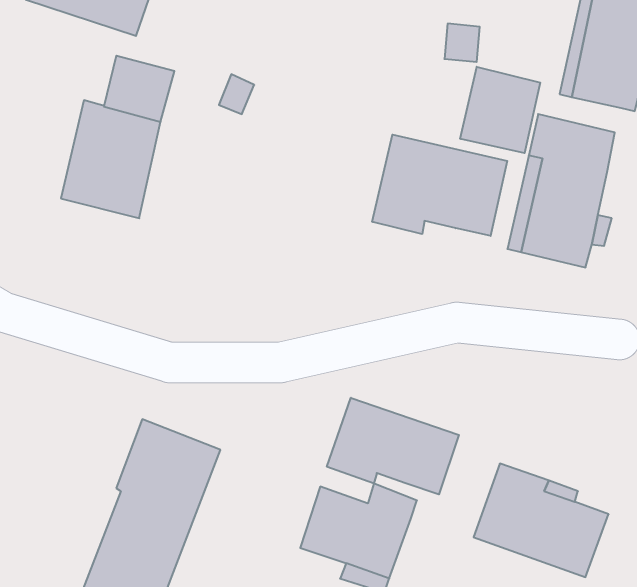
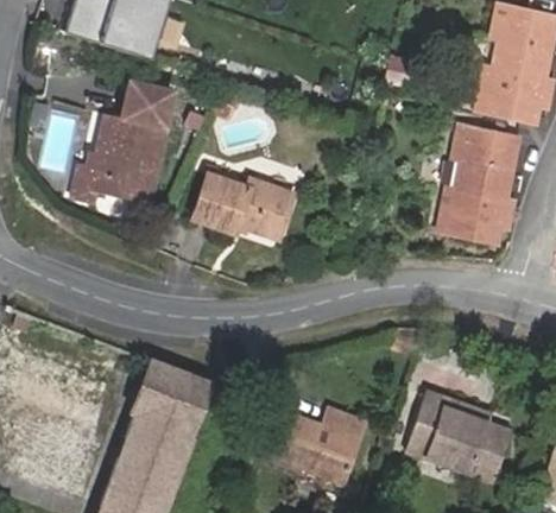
building: [460,67,540,153] -> none
building: [372,135,507,236] -> none
building: none -> [192,182,293,246]
building: [327,398,459,494] -> none

